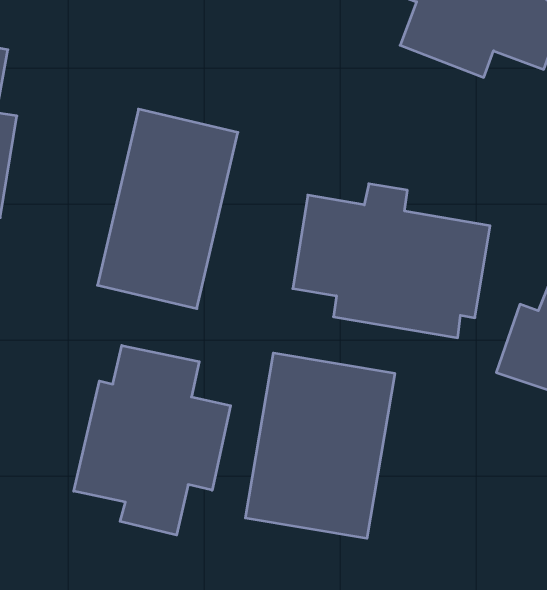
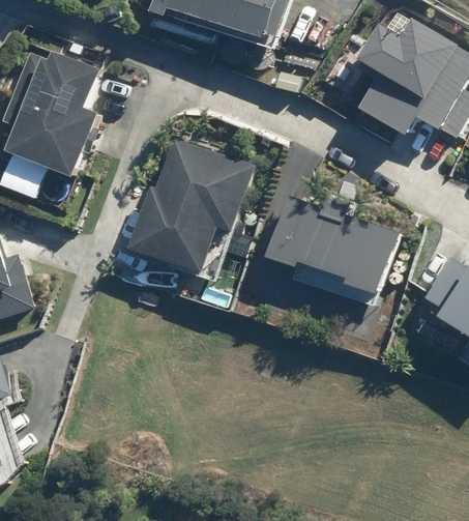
building: [74,345,231,535] -> none
building: [245,353,395,538] -> none

